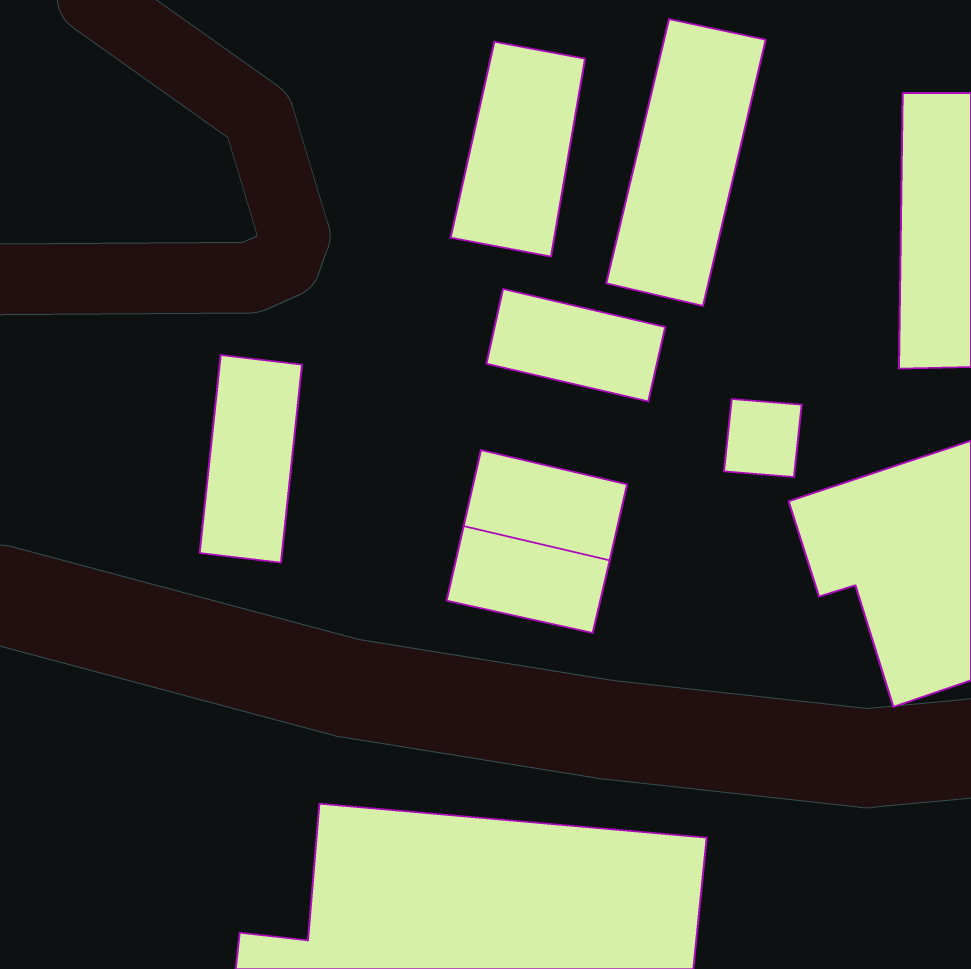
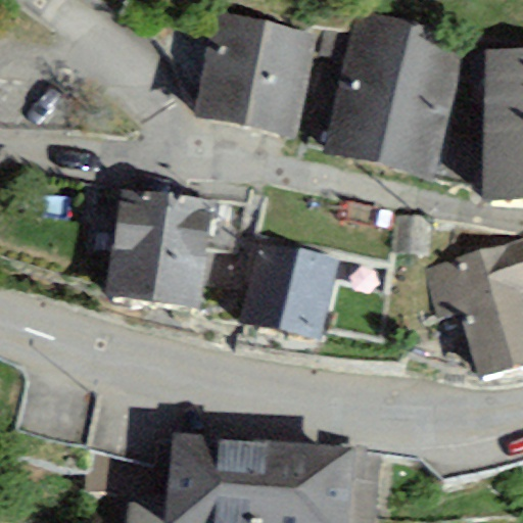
building: none -> [194,14,266,128]
building: none -> [378,21,466,177]
building: [486,289,665,402] -> none
building: none -> [151,196,209,306]

